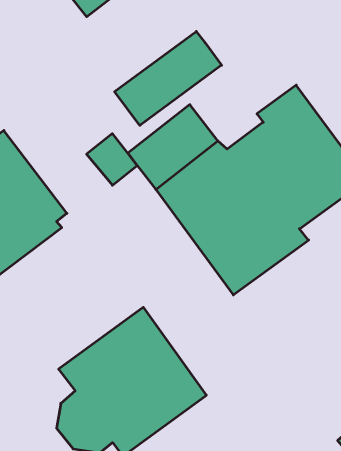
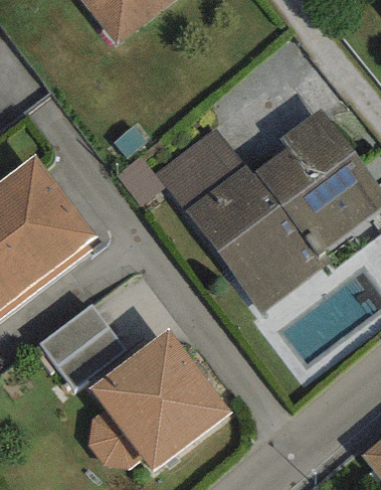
building: [115,31,222,125] -> none
building: none -> [40,306,124,387]

